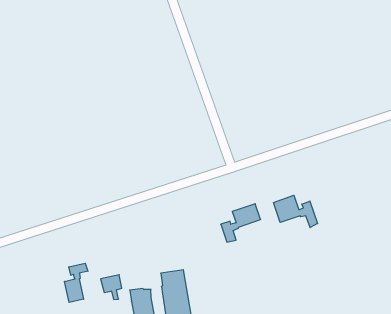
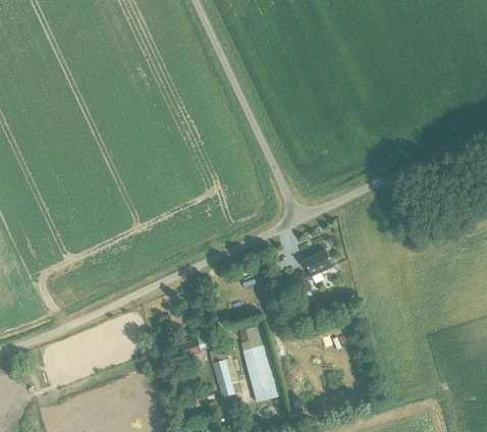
building: [274,195,318,228] -> none
building: [64,263,88,302] -> none

